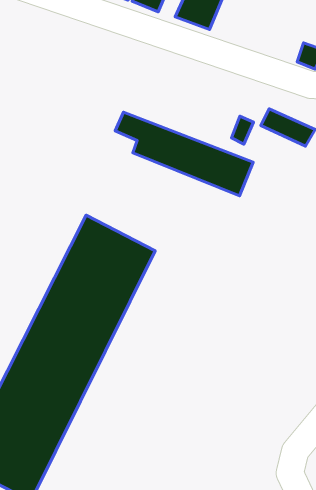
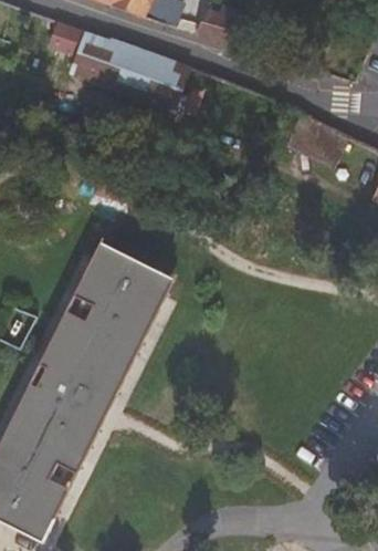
building: [115,112,253,196] -> [44,30,190,118]

